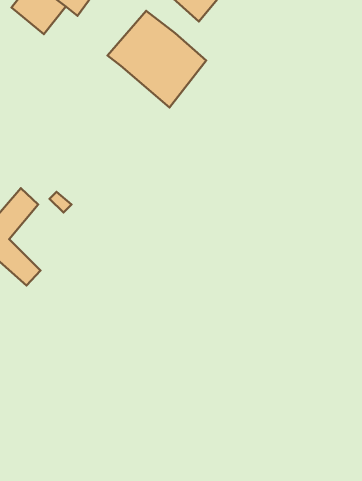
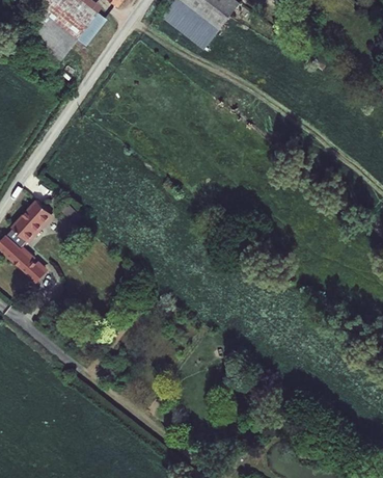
building: [108,11,206,107] -> none

